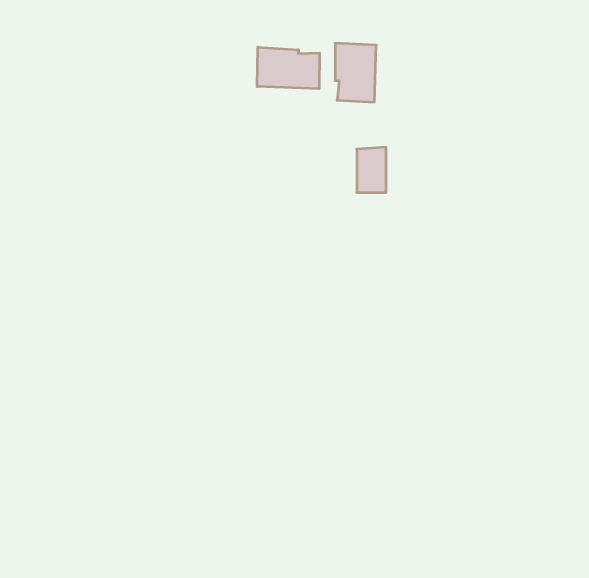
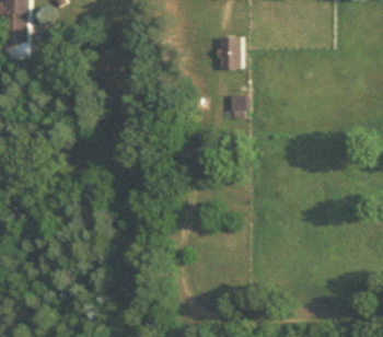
building: [257,47,320,89] -> none

